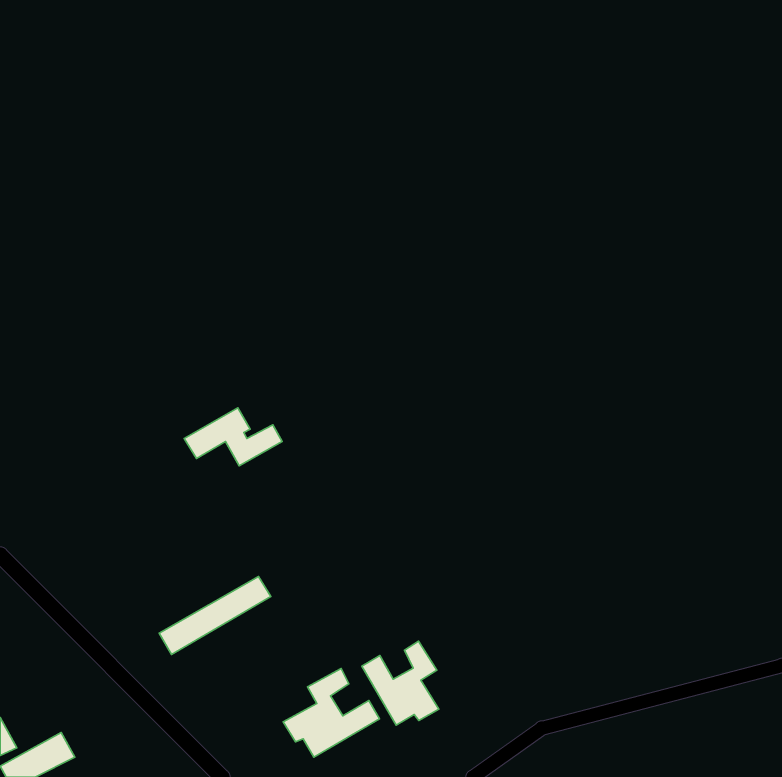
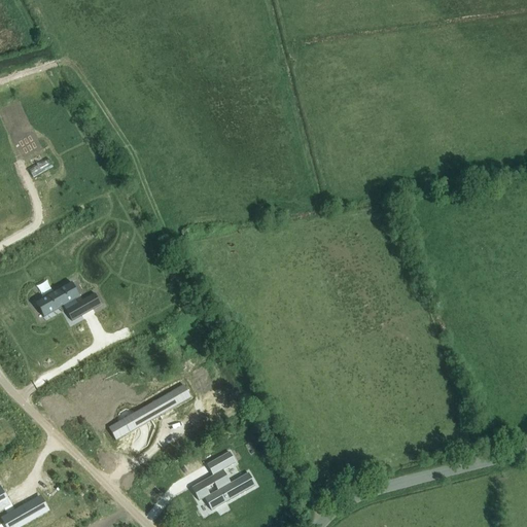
building: [184,408,282,466] -> [35,280,101,319]
building: [362,641,439,725] -> none

